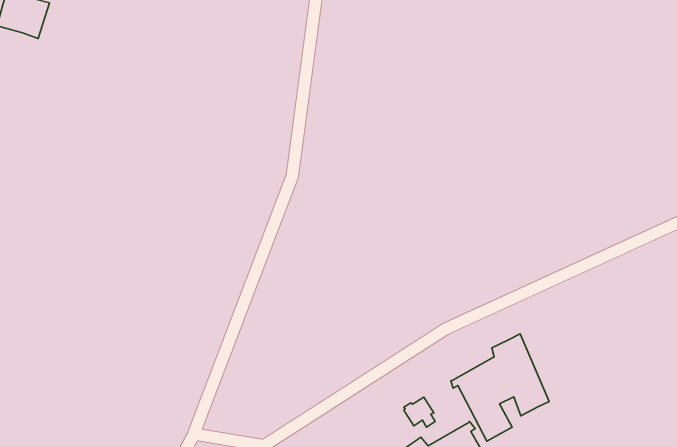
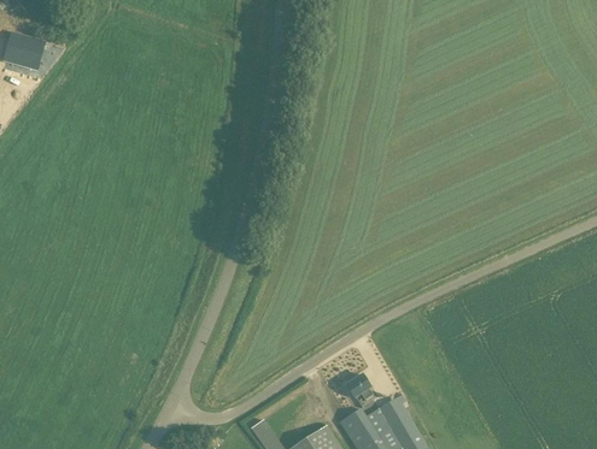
building: [451,334,549,441] -> none

